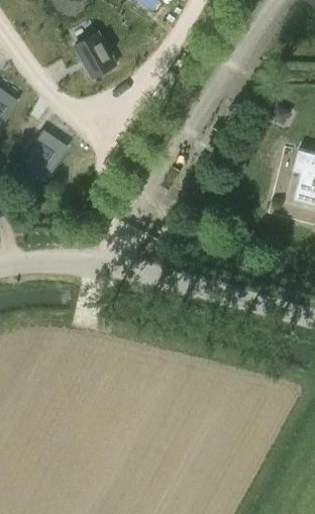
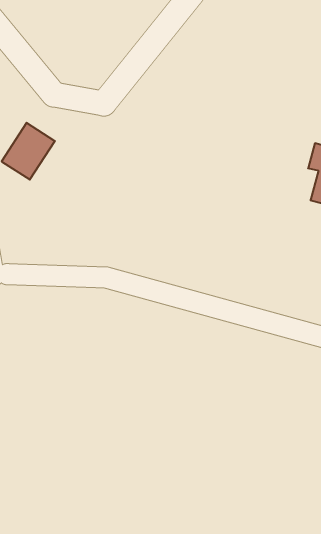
building: [74,32,116,78] -> none

